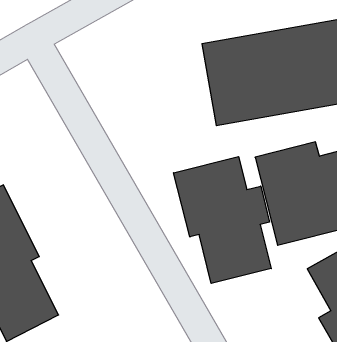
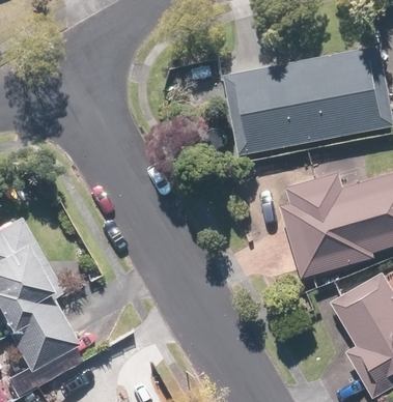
building: [174,157,271,283] -> none

